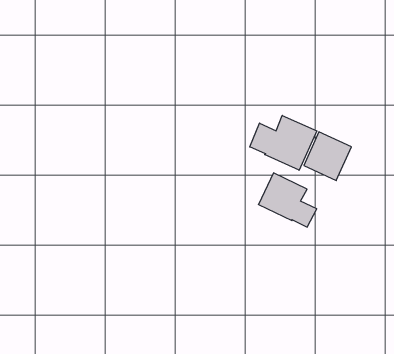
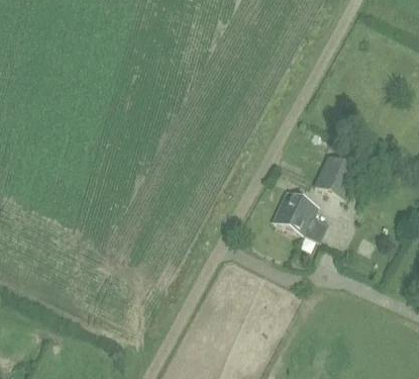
building: [250,115,317,170] -> none

